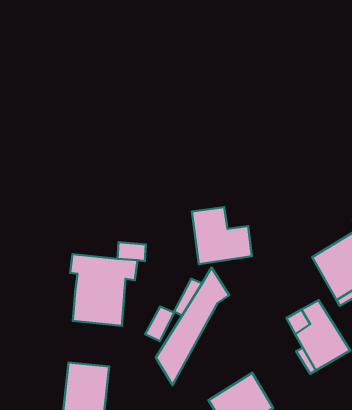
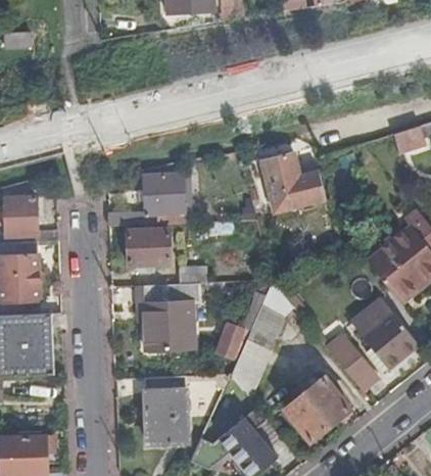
building: none -> [108,174,187,227]
building: none -> [128,230,171,266]
building: [192,207,252,264] -> [262,150,326,208]
building: none -> [327,335,377,390]

